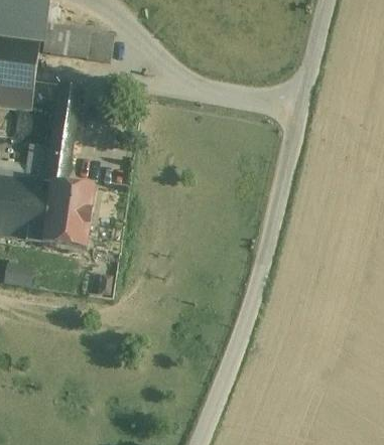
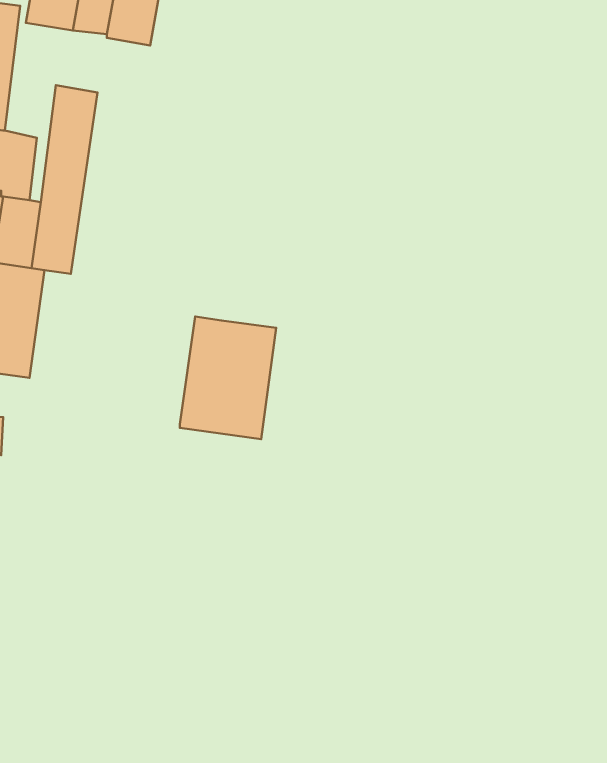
building: [43,177,95,243] -> [180,317,276,439]

